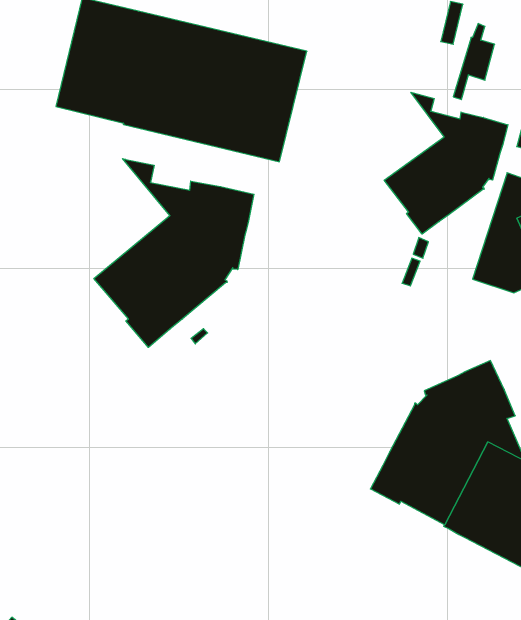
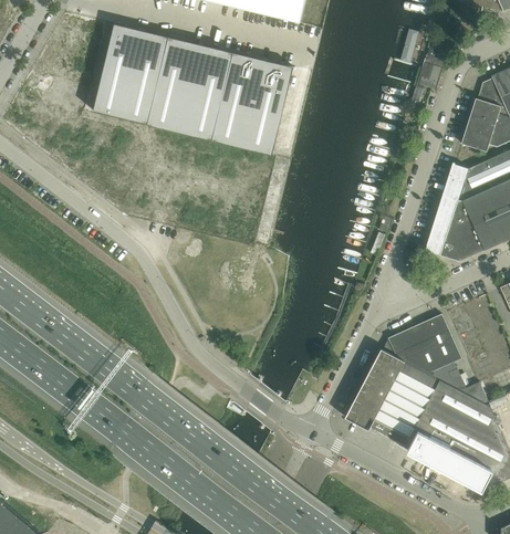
building: [384,92,508,234] -> none
building: [94,159,254,347] -> none

